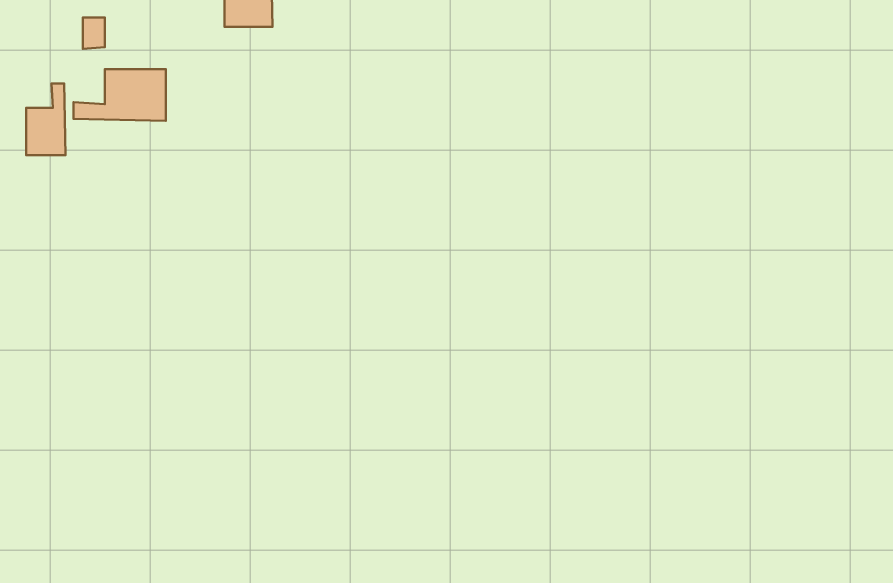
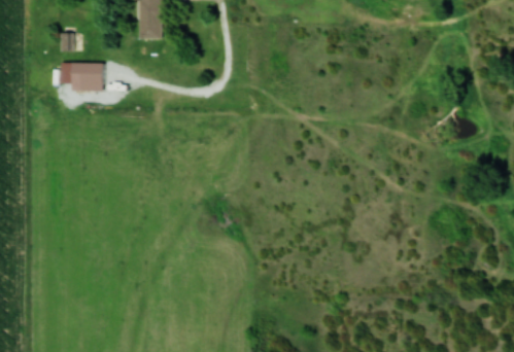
building: [26,83,65,155] -> none

